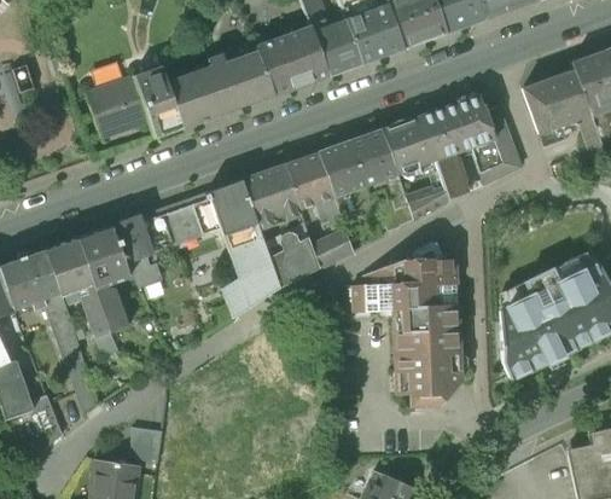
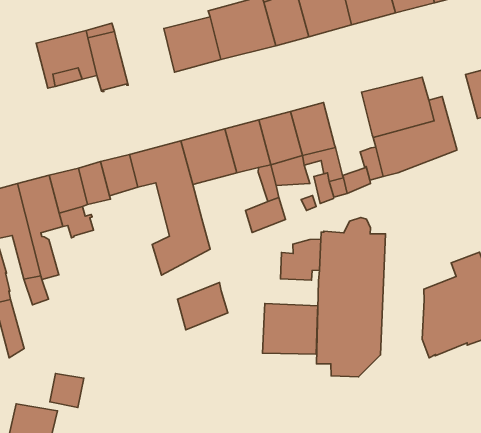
building: [167,65,228,127] -> none
building: [382,115,433,170] -> none
building: [268,236,320,286] -> [178,282,228,330]
building: none -> [263,303,318,354]

